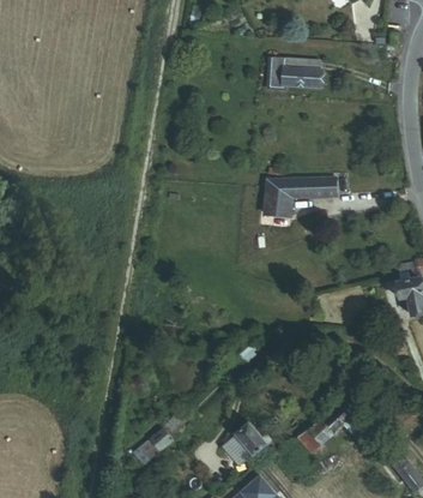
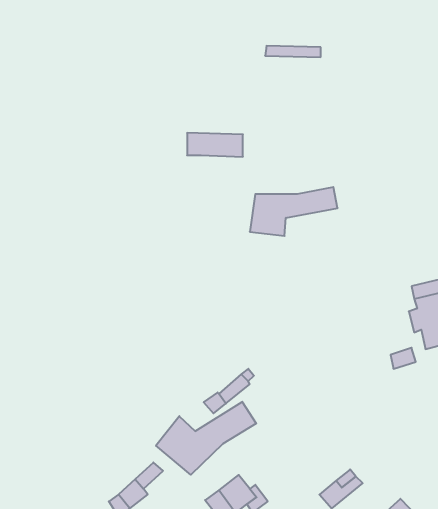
building: [271,64,319,84] -> [187,133,243,157]
building: none -> [156,402,256,475]

